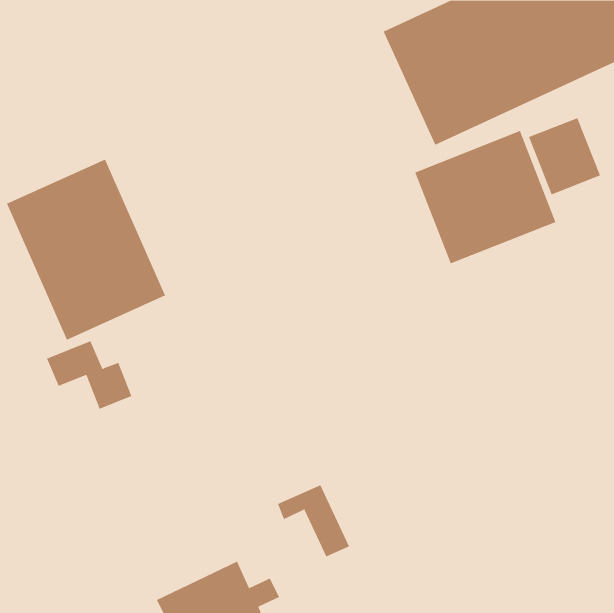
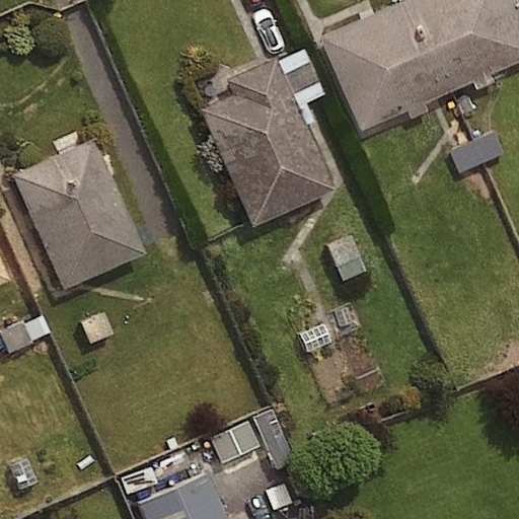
building: none -> [204,60,339,229]
building: [415,130,556,264] -> none

